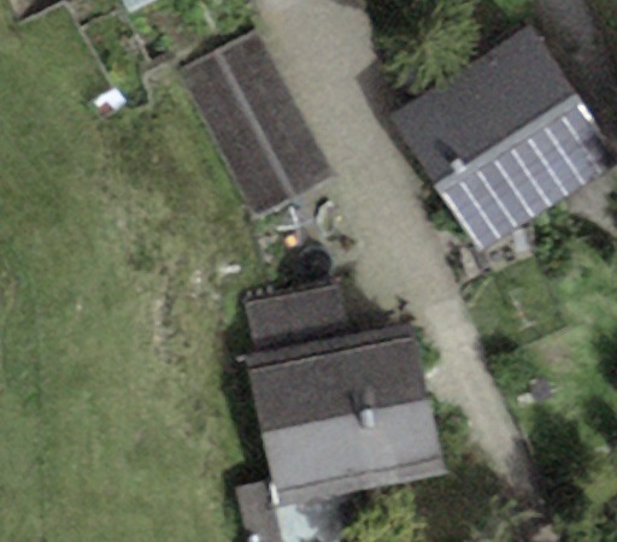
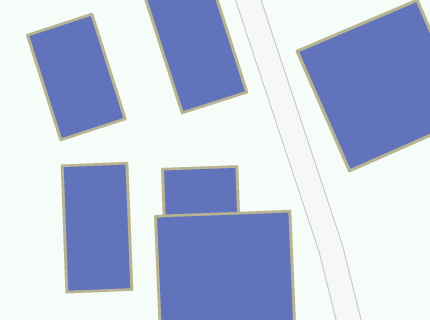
building: none -> [27,14,125,140]
building: none -> [62,163,132,292]

